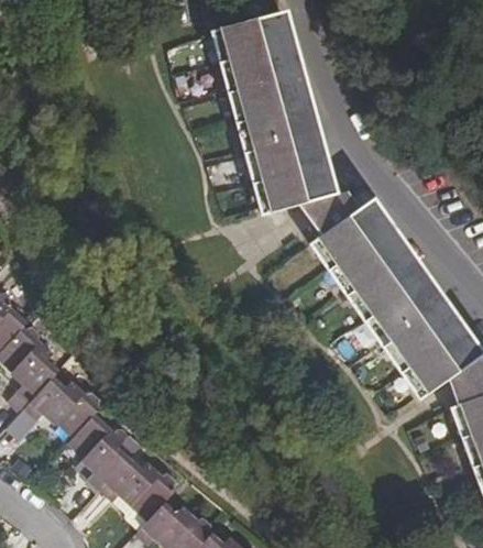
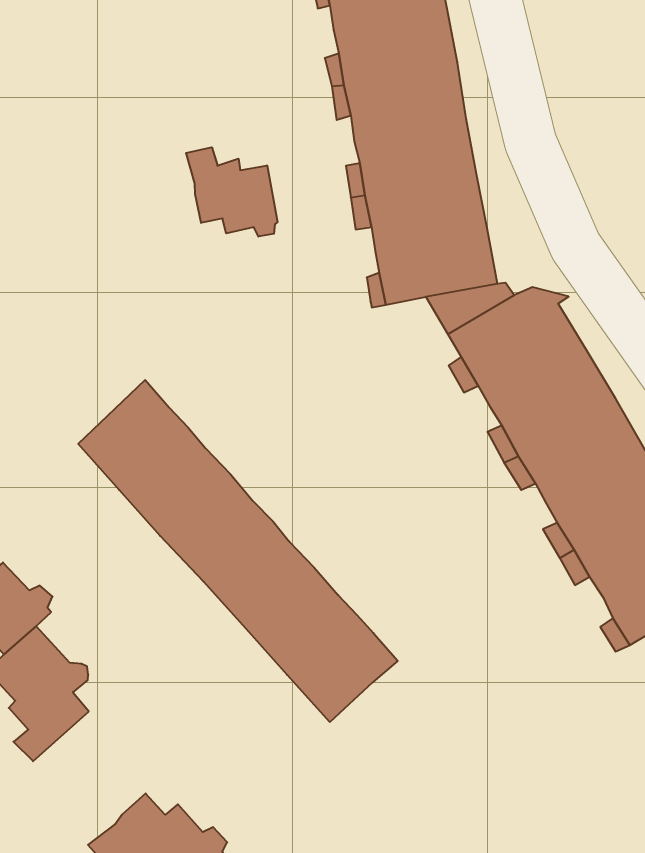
building: none -> [186,147,278,237]
building: none -> [78,380,398,722]
building: [100,459,178,515] -> none

